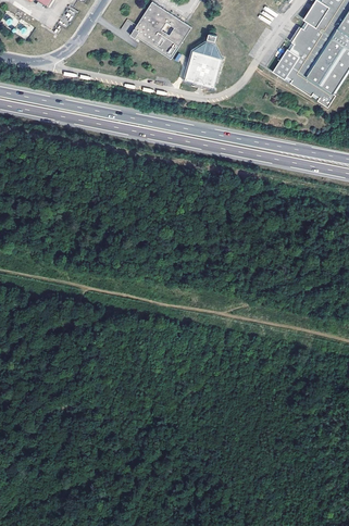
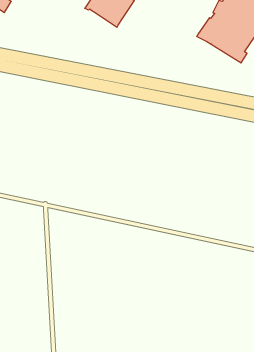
building: [183,32,223,88] -> none

